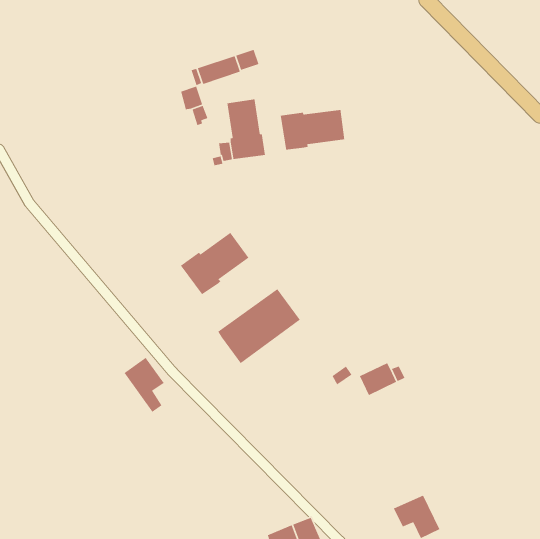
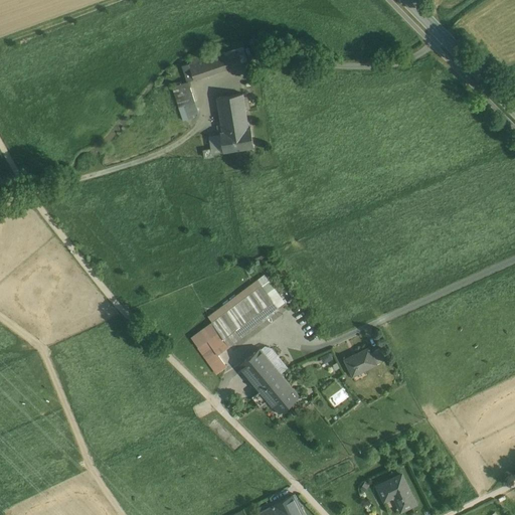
building: [280,109,345,150] -> none
building: [180,232,250,295] -> none
building: [123,357,165,413] -> [189,323,228,376]
building: none -> [240,351,300,414]

